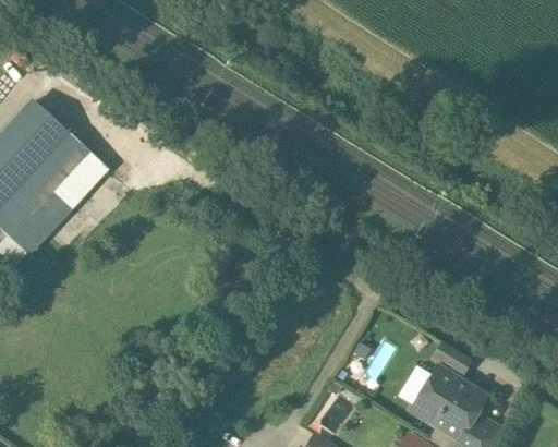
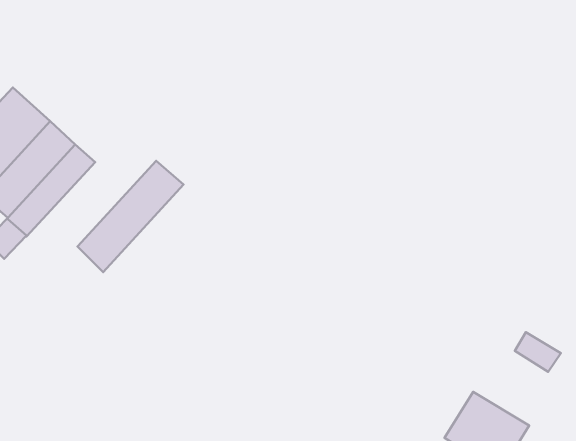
building: none -> [77,161,183,272]
building: [433,343,473,378] -> [515,332,561,372]

